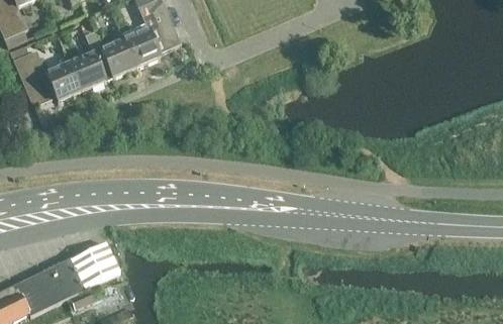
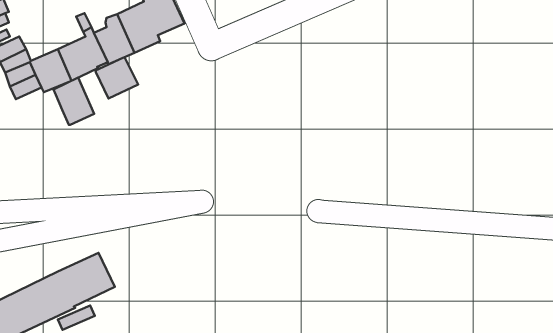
building: none -> [96,57,138,99]
building: none -> [54,78,94,125]

